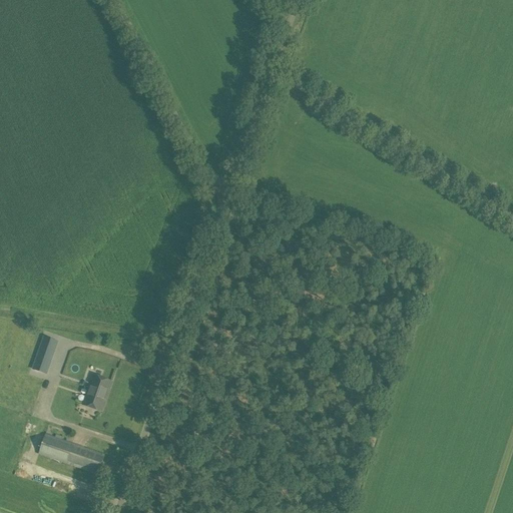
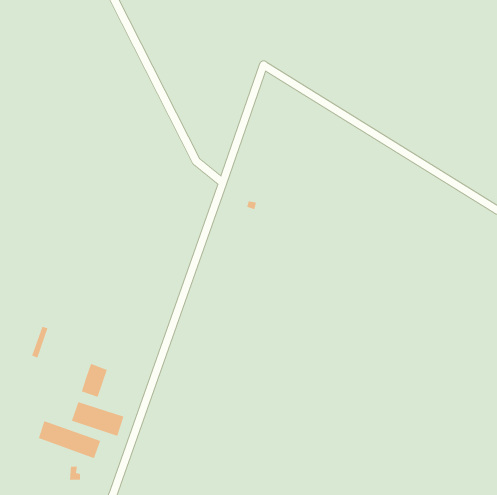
building: none -> [71,401,125,437]

